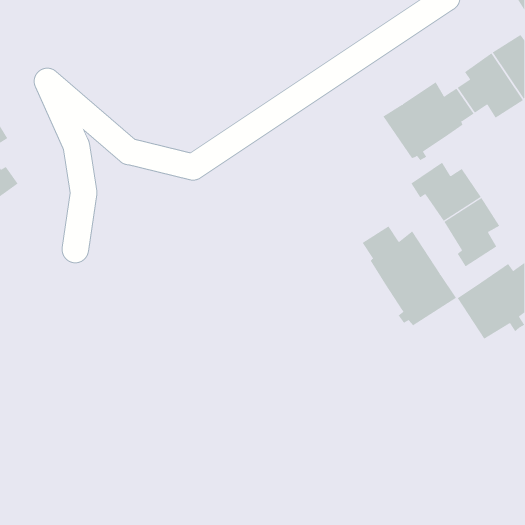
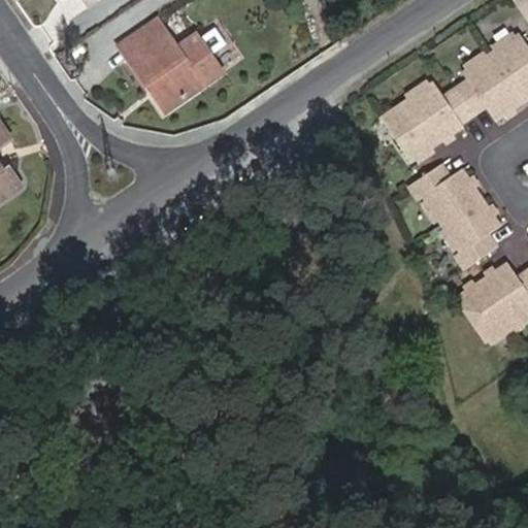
building: none -> [123,26,220,109]
building: [362,225,457,326] -> none

